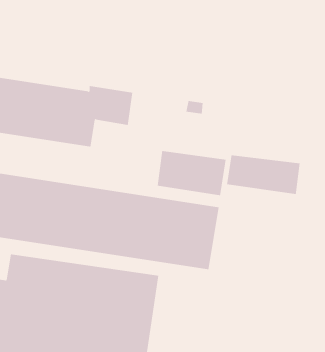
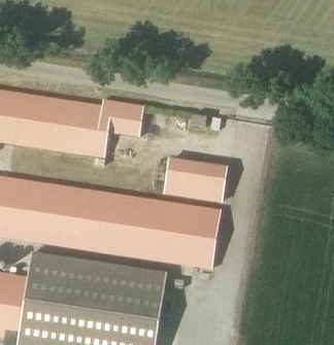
building: [227,154,300,195] -> none

